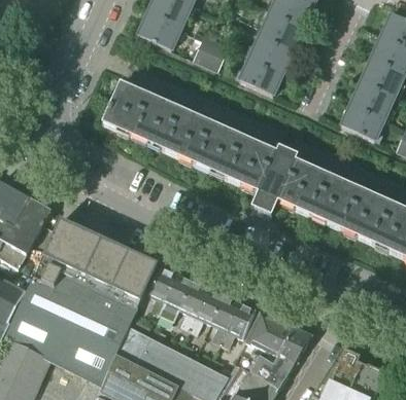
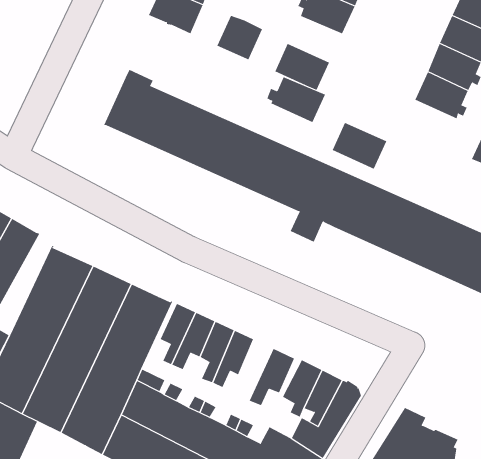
building: [246,35,294,72] -> [266,77,326,123]
building: [341,102,385,140] -> [332,122,387,170]
building: [210,293,238,342] -> none

